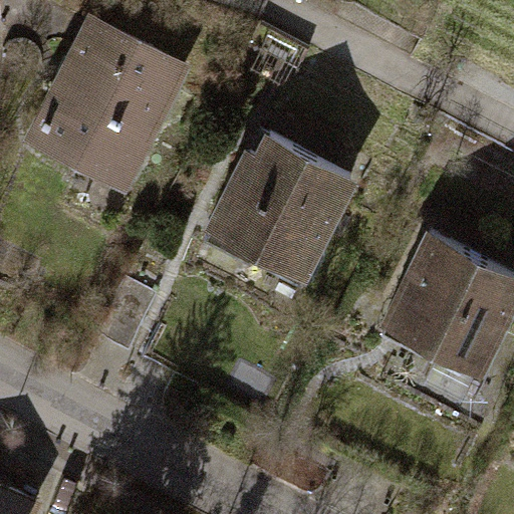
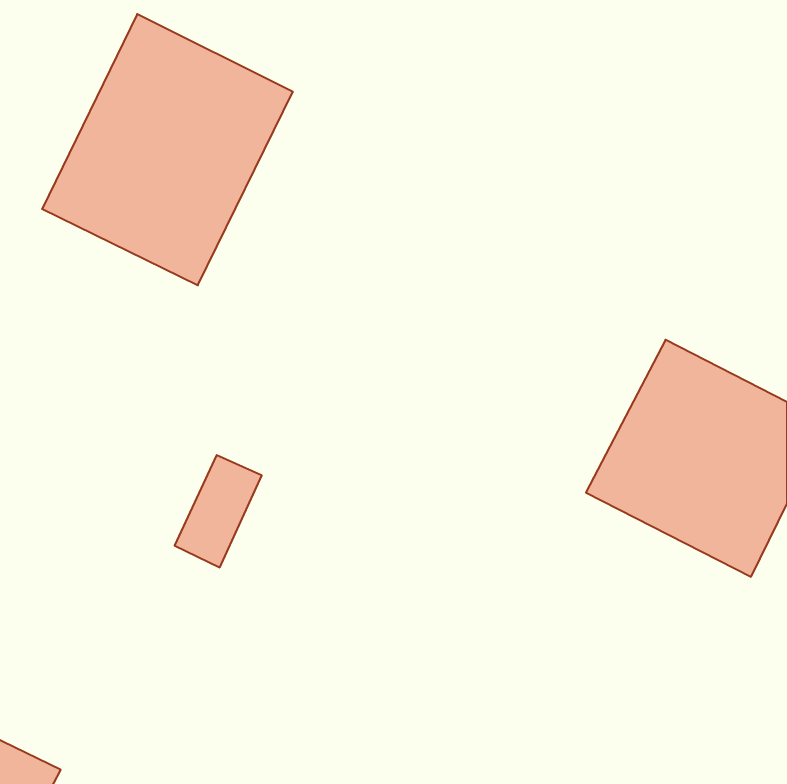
building: [201,130,356,292] -> none

